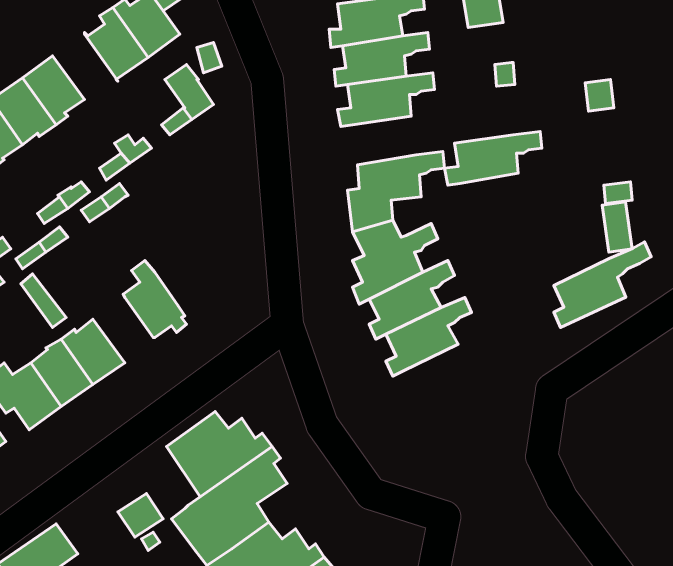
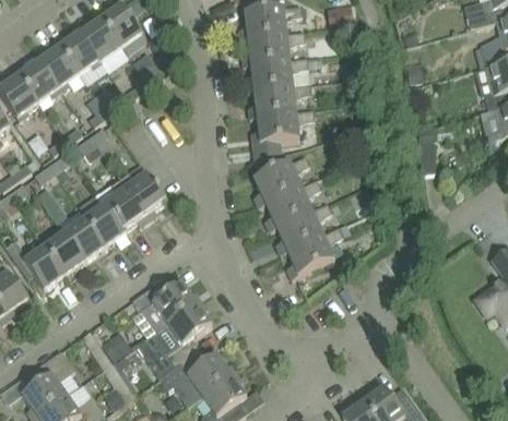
building: none -> [59,32,102,74]
building: [445,131,542,185] -> [248,83,311,118]
building: [554,242,651,327] -> [287,222,351,278]
building: none -> [119,172,166,218]
building: none -> [85,201,126,245]

